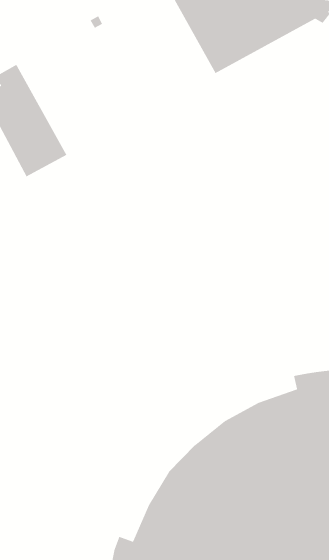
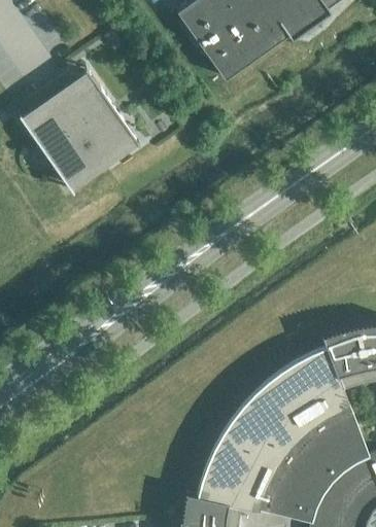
building: none -> [48,74,138,165]

